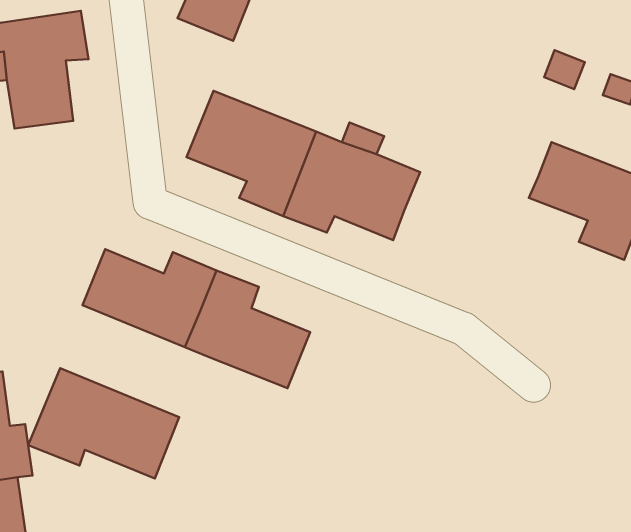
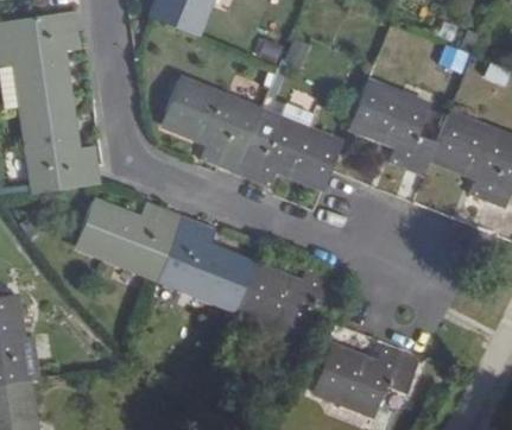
building: none -> [348,82,436,175]
building: none -> [24,99,101,191]
building: none -> [239,265,342,333]
building: [28,368,179,478] -> none
building: none -> [314,346,422,412]

